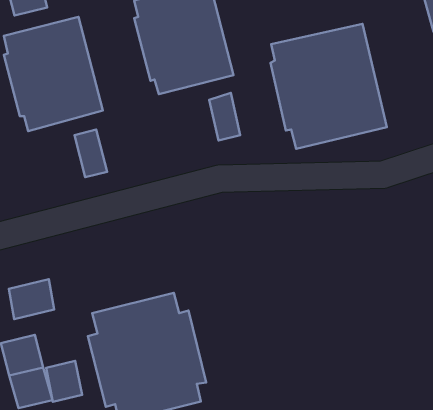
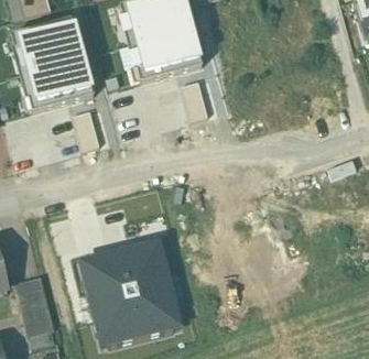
building: [271,24,387,149] -> none
building: [9,279,54,319] -> none
building: [46,361,82,402] -> none

